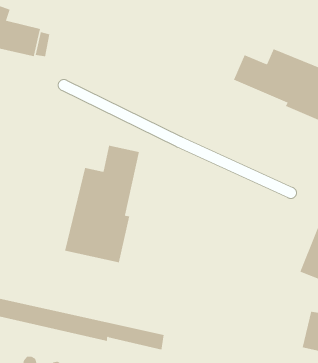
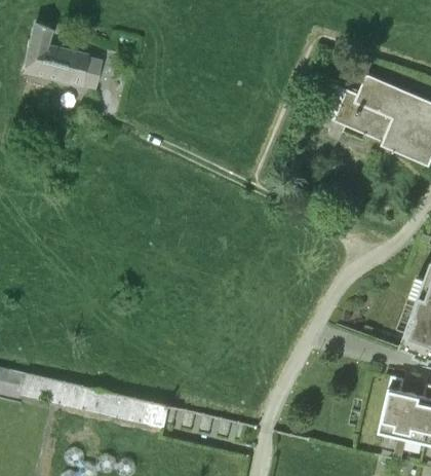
building: [65,145,139,263] -> none
building: none -> [381,376,415,439]

